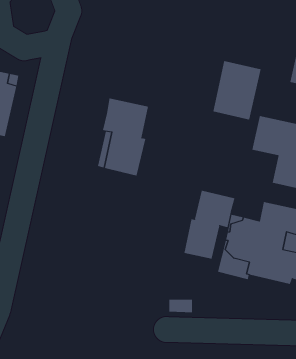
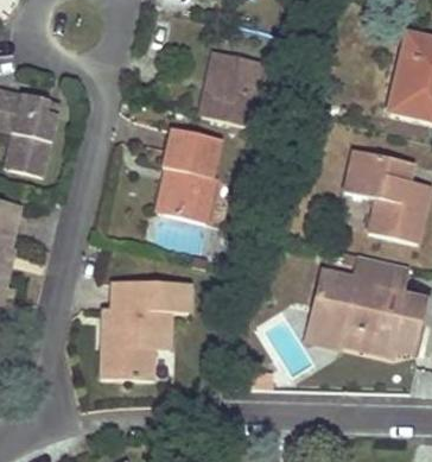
building: [213,61,261,120] -> [203,51,262,124]
building: [184,190,235,259] -> none
building: none -> [102,279,190,379]

